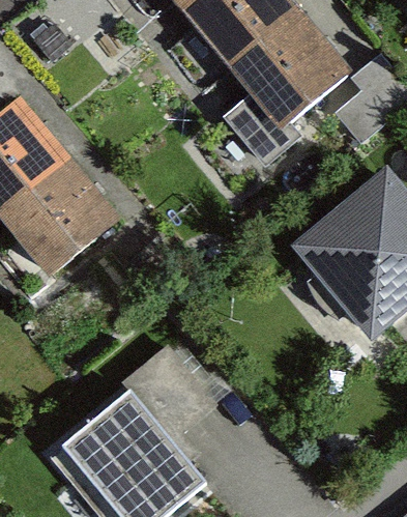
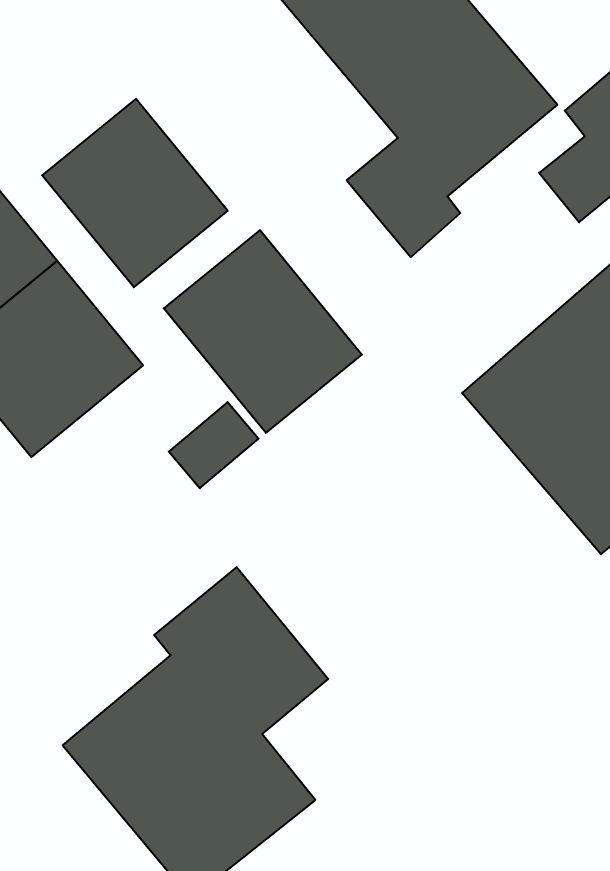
building: none -> [42,99,228,287]
building: none -> [164,230,362,433]

